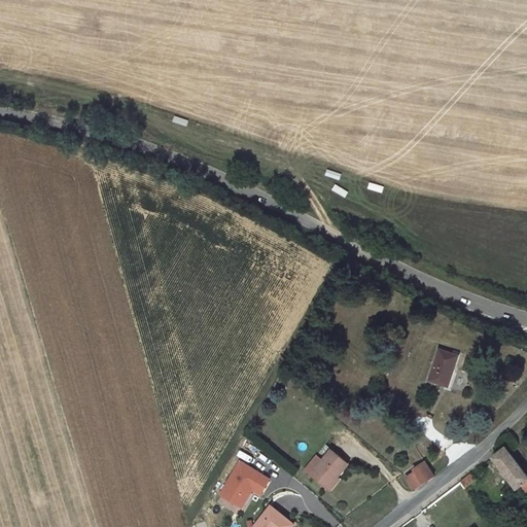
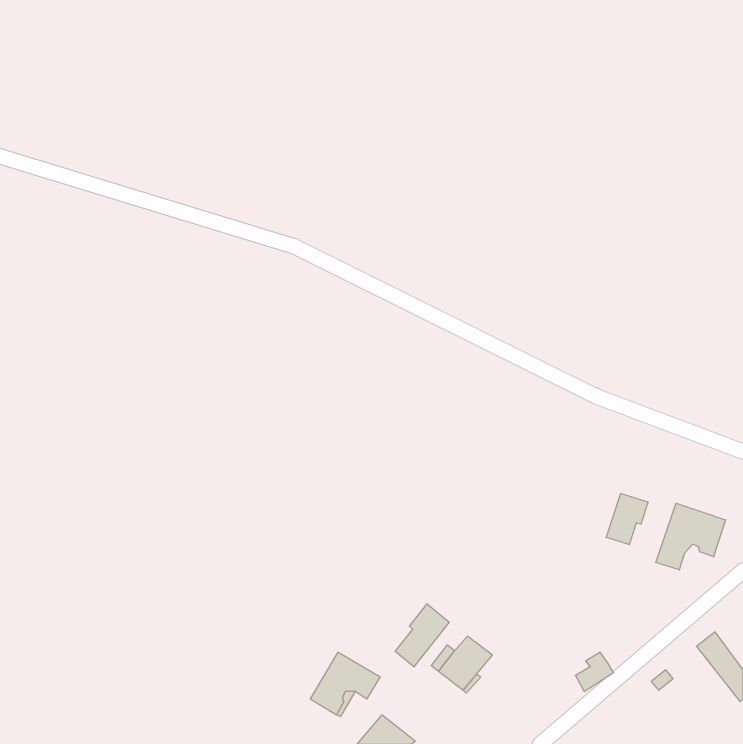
building: none -> [656,503,725,570]
building: none -> [395,604,449,667]

